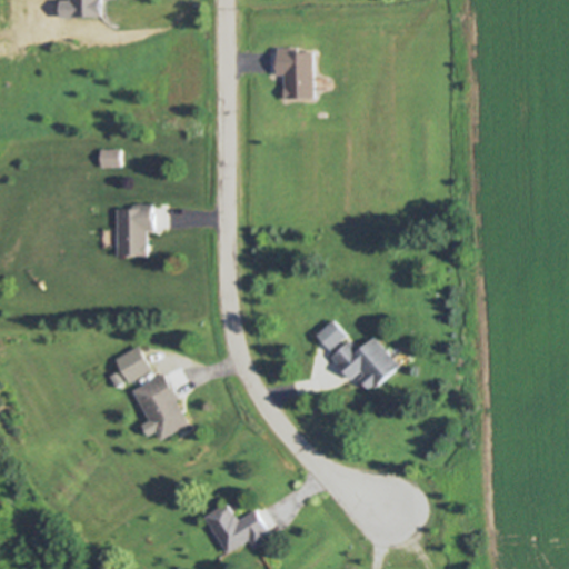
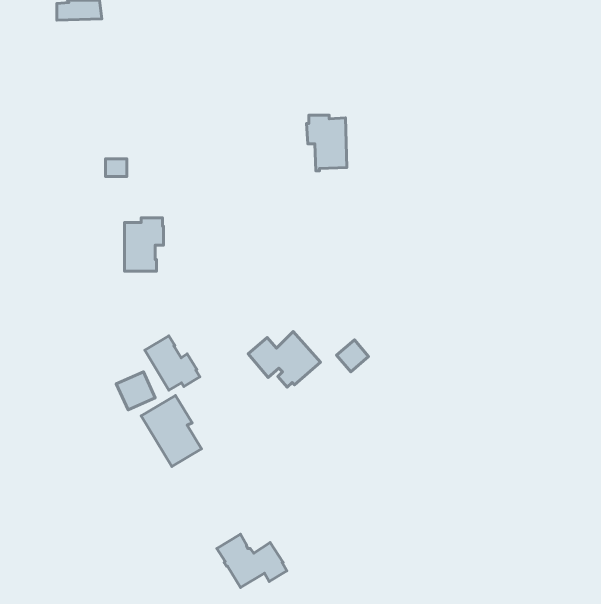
building: [273,49,311,101] -> [307,115,347,171]
building: none -> [145,336,200,390]
building: [330,337,398,389] -> [248,331,320,387]

